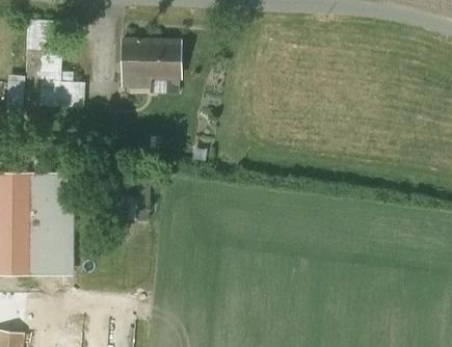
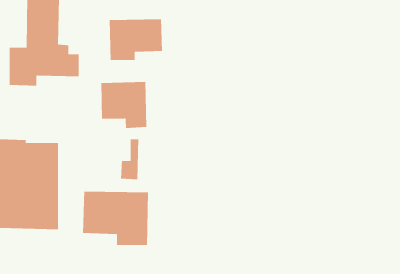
building: none -> [100,81,147,129]
building: none -> [82,191,149,246]

